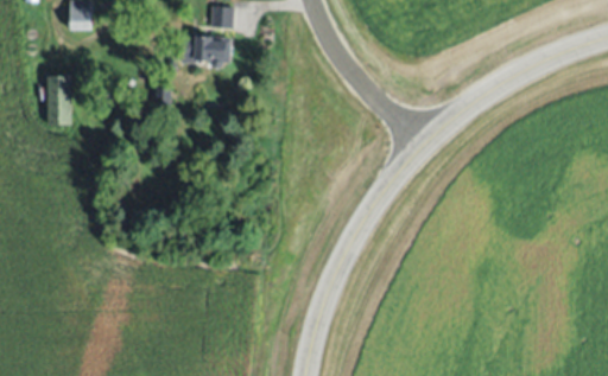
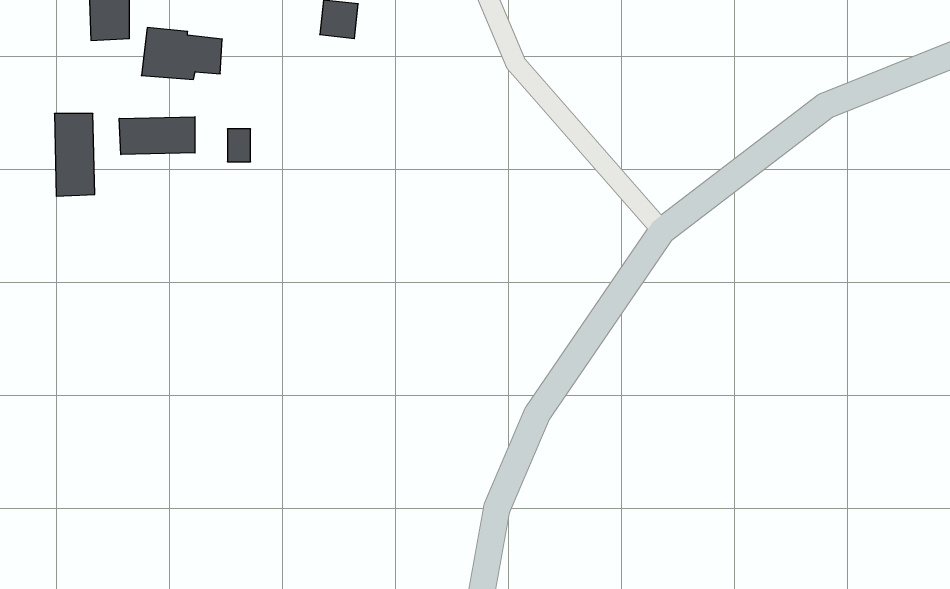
building: [179,37,229,69] -> [141,28,222,79]
building: none -> [119,117,195,155]

